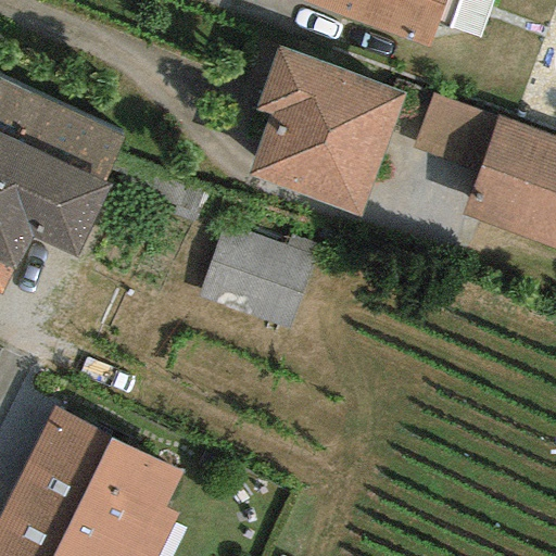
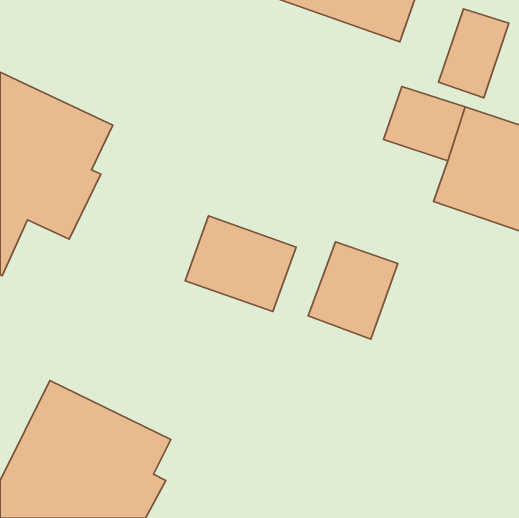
building: none -> [439,9,509,98]
building: [245,46,404,213] -> none
building: none -> [308,242,398,339]

